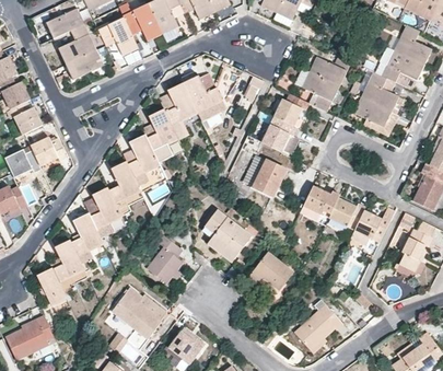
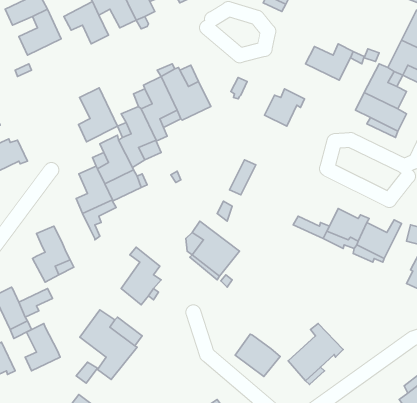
building: [66,49,102,79] -> none
building: [302,71,339,112] -> none
building: none -> [79,88,117,142]
building: [261,116,299,153] -> none
building: [253,160,284,196] -> none
building: [90,186,120,229] -> none
building: [303,186,339,213] -> none
building: [53,239,83,280] -> [25,323,60,371]
building: [254,252,293,289] -> [235,334,280,376]
building: [166,327,205,363] -> none

